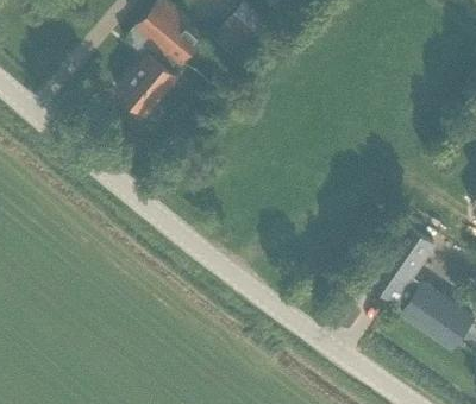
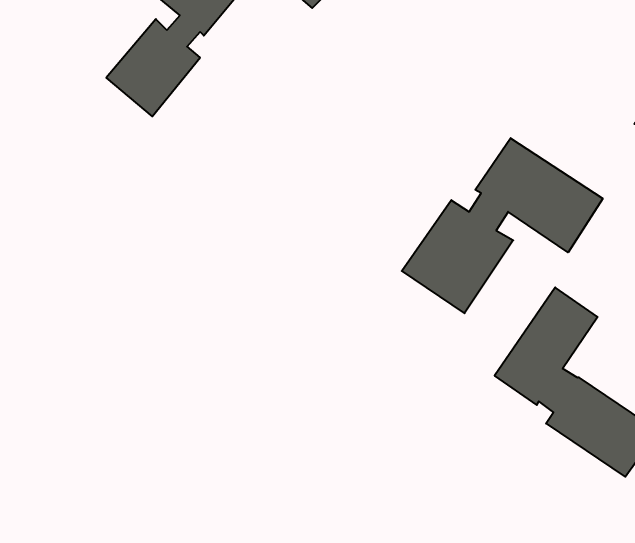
building: none -> [402,138,603,313]

